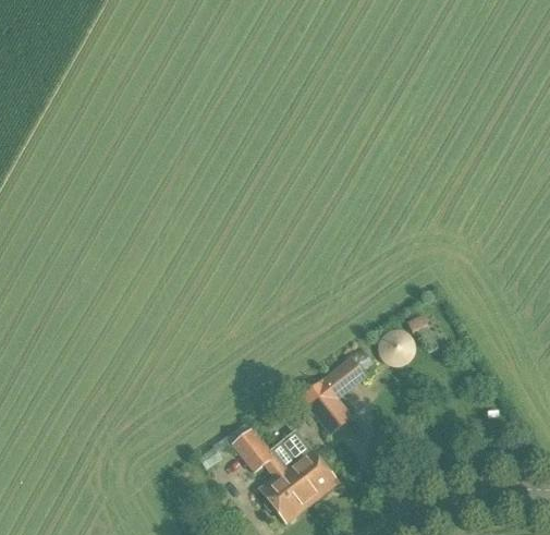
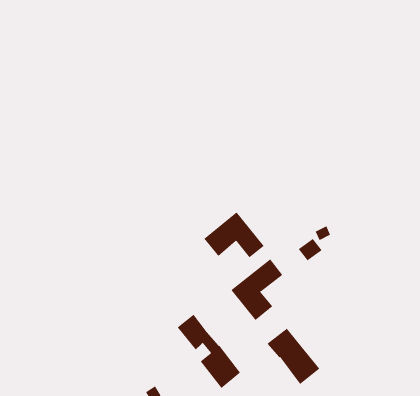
building: none -> [203,211,265,258]
building: [269,429,338,502] -> [267,328,320,385]

